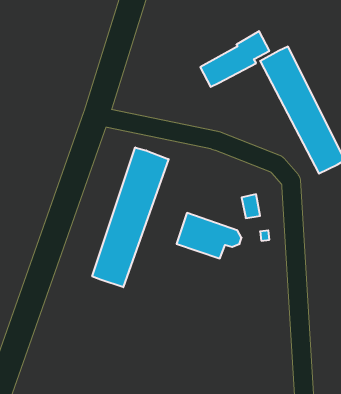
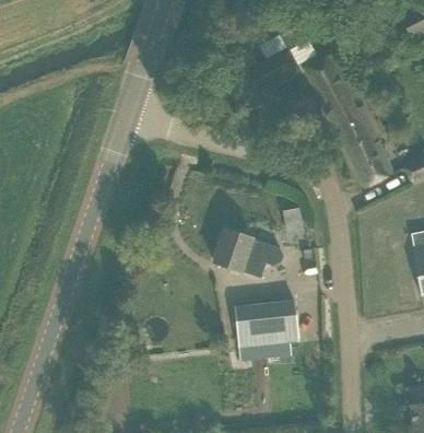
building: [92,147,169,287] -> none
building: none -> [234,299,298,360]

